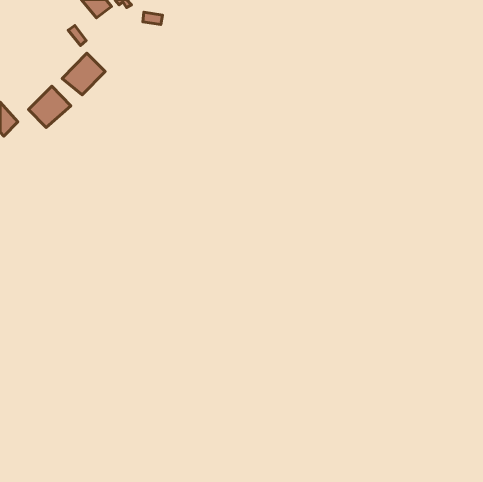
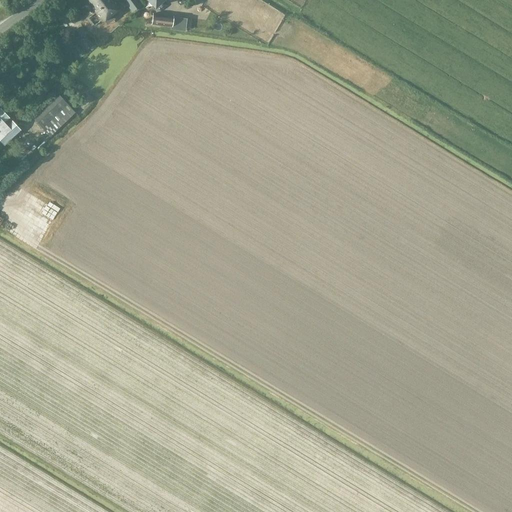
building: [62,53,105,95] -> none

